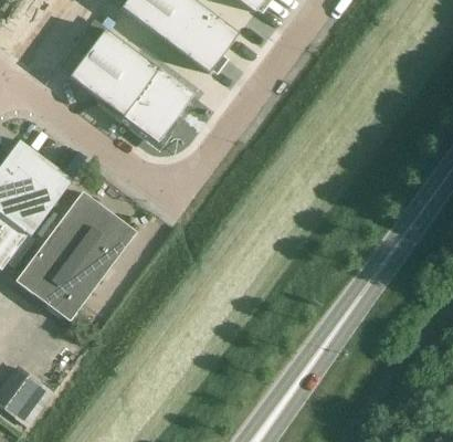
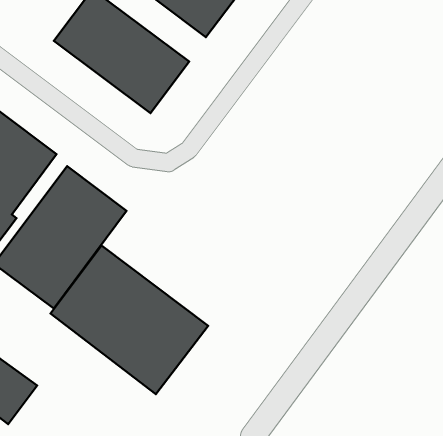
building: none -> [50,245,208,394]

